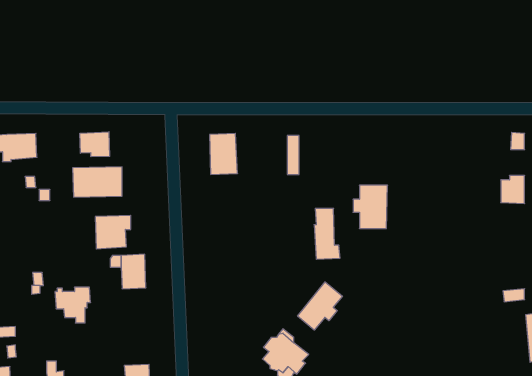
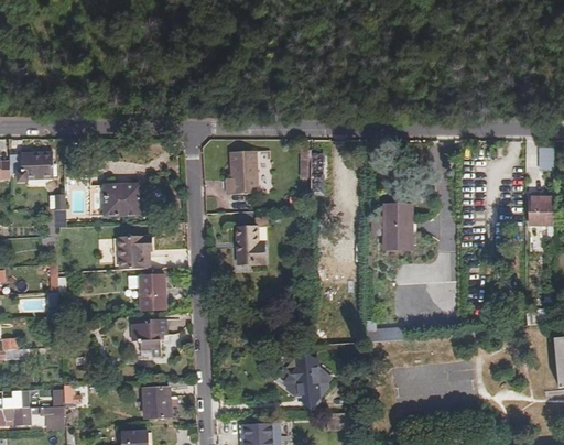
building: [80,132,110,157] -> none
building: [314,208,340,259] -> [236,211,262,263]
building: [298,282,342,330] -> none
building: [55,287,91,323] -> [131,319,167,356]

